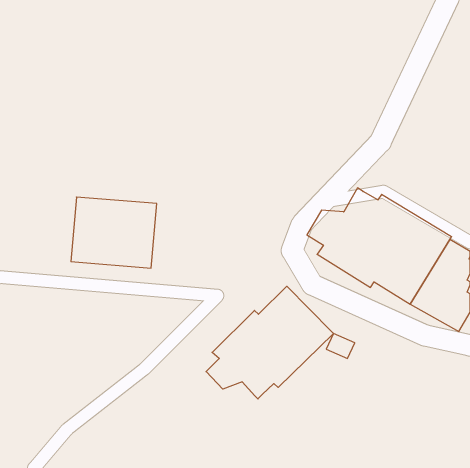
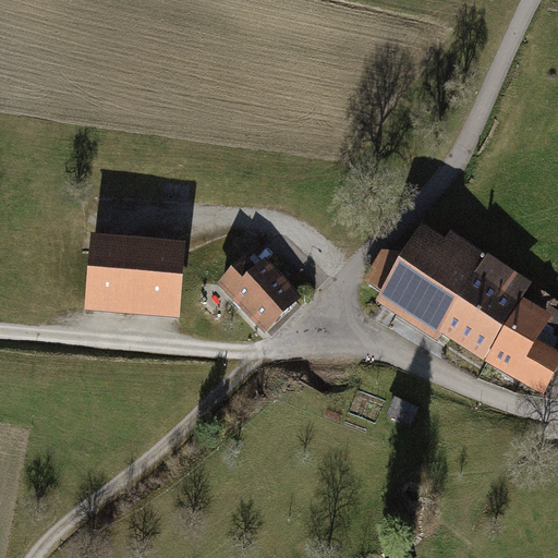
building: none -> [216,254,302,331]
building: [206,286,334,399] -> none

